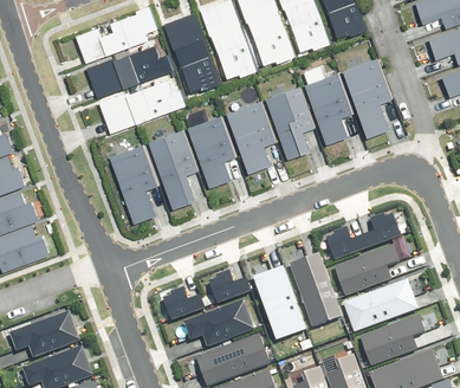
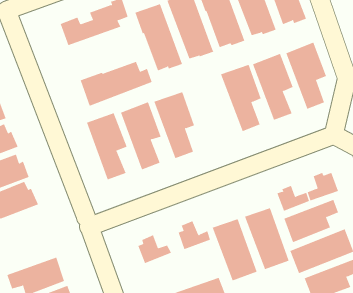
building: [85,46,170,98] -> none
building: [223,102,272,181] -> none
building: [189,300,258,347] -> none

